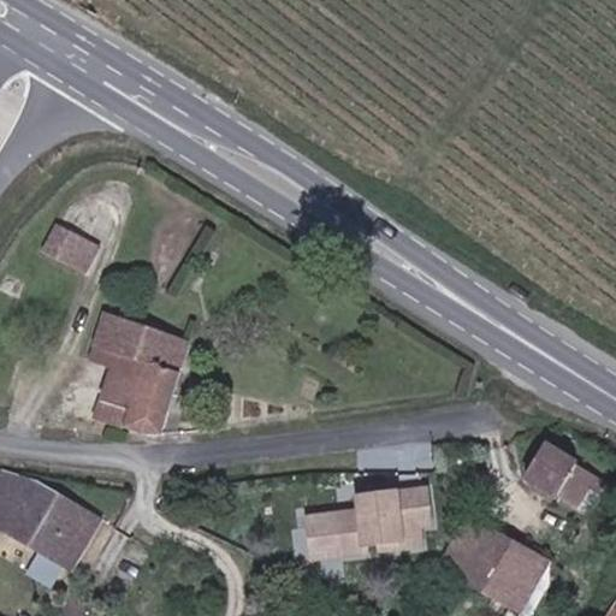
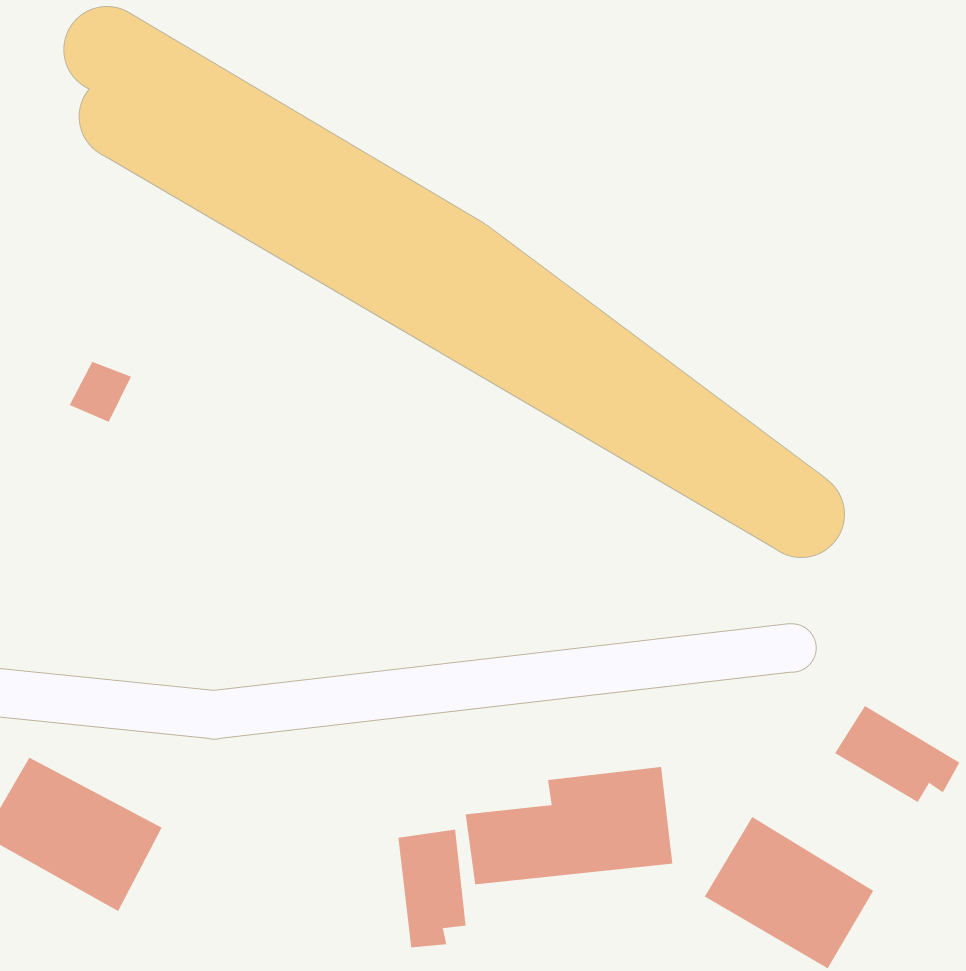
building: [85,315,188,436] -> none
building: none -> [398,829,466,948]

